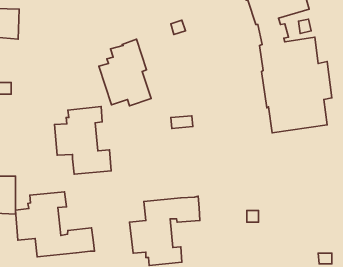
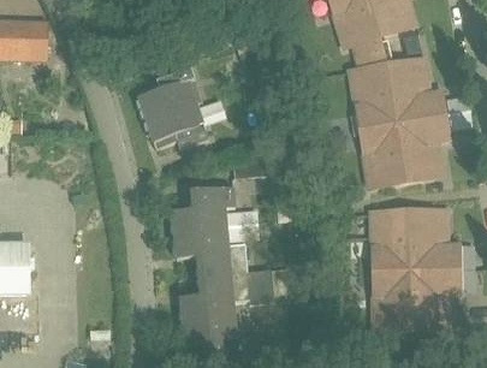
building: [54,107,111,174] -> [172,185,248,275]
building: none -> [369,210,457,328]
building: [16,192,94,257] -> none

